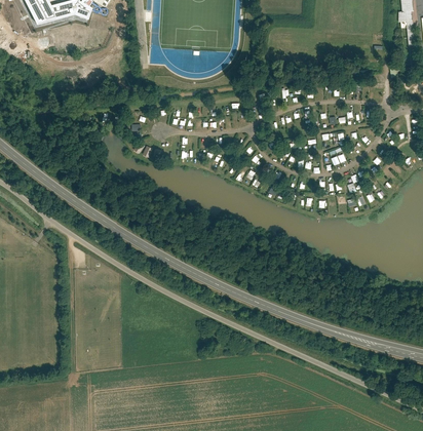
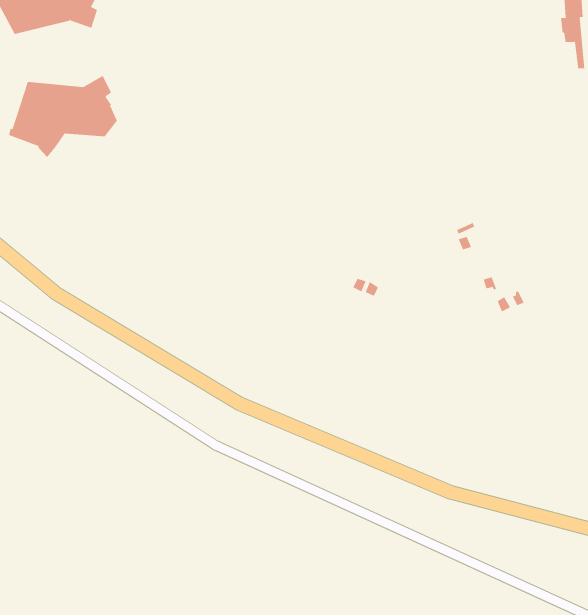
building: none -> [9,75,118,158]

